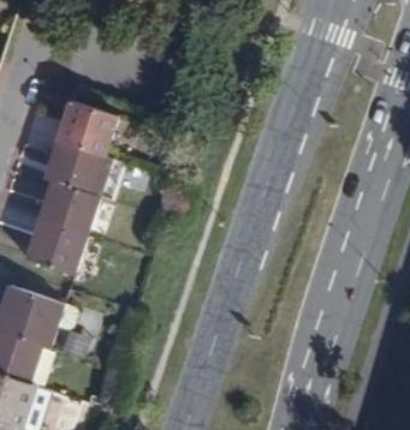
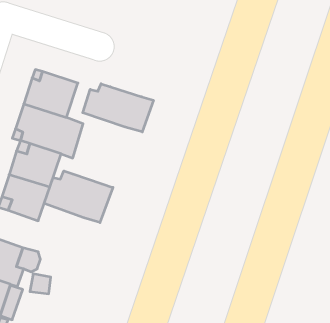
building: none -> [83,84,153,132]
building: none -> [44,171,113,223]

